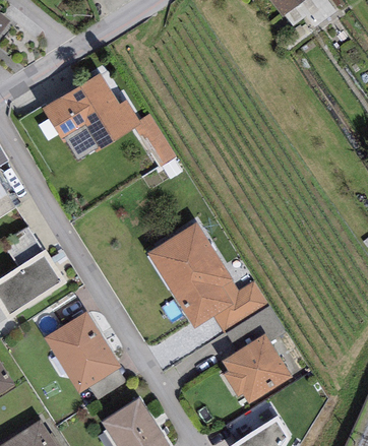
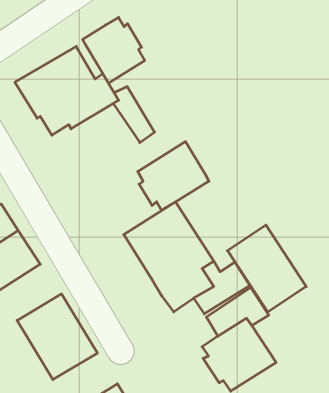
building: none -> [83,17,145,83]
building: none -> [138,142,209,210]
building: none -> [227,225,306,312]

